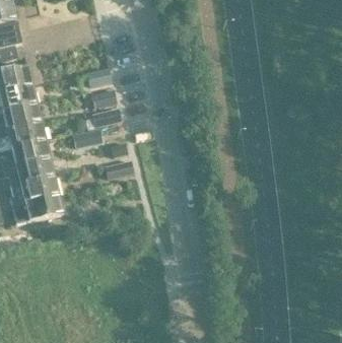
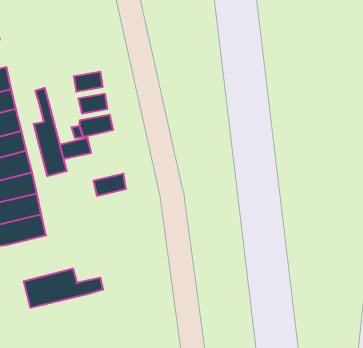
building: none -> [34,88,67,176]
building: none -> [24,269,103,308]

